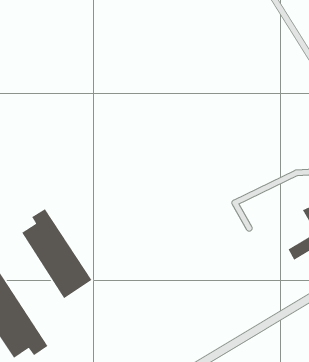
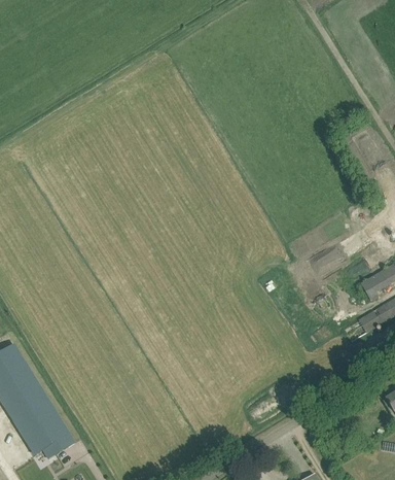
building: [21,208,92,299] -> none

